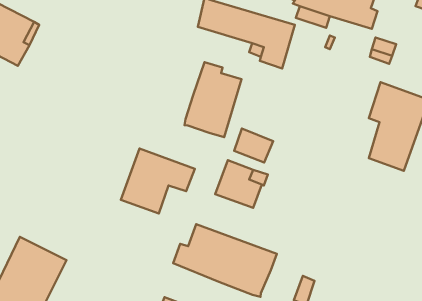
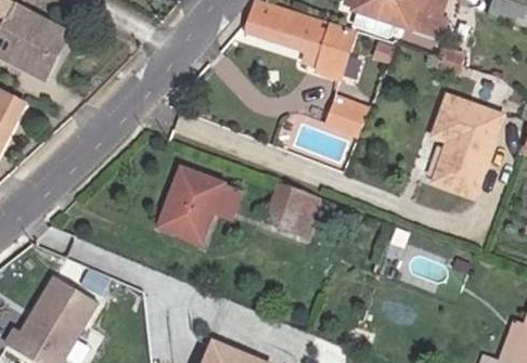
building: [184,62,241,137] -> none
building: [234,128,273,163] -> [324,98,368,135]
building: [173,224,277,297] -> none

